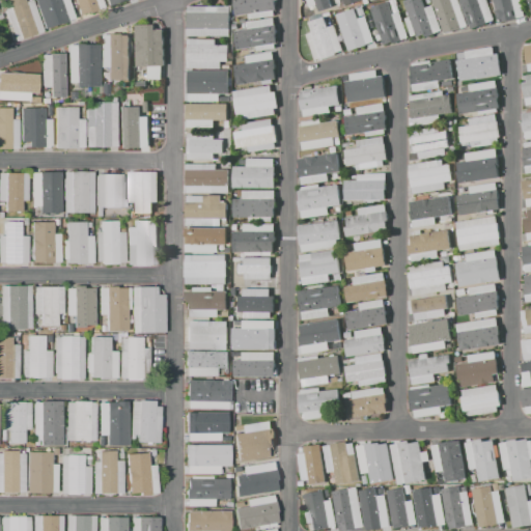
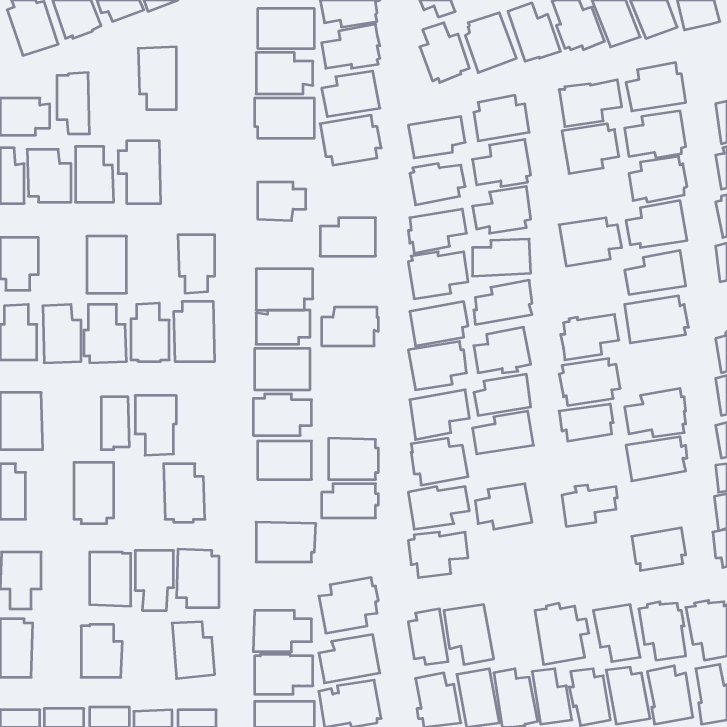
building: [135,25,163,80] -> none
building: [68,47,99,91] -> none
building: [187,104,227,128] -> none
building: [118,107,148,149] -> none
building: [235,118,277,151] -> none
building: [410,127,449,159] -> none
building: [187,163,229,193] -> none
building: [31,171,61,217] -> none
building: [95,174,125,217] -> none
building: [233,191,275,222] -> none
building: [409,196,452,228] -> none
building: [456,249,501,286] -> none
building: [236,257,272,279] -> none
building: [32,286,62,327] -> none
building: [131,288,161,333] -> none
building: [239,288,274,318] -> none
building: [407,318,451,354] -> none
building: [344,327,386,356] -> none
building: [20,336,51,379] -> none
building: [85,337,117,379] -> none
building: [456,351,499,387] -> none
building: [186,352,228,378] -> none
building: [410,384,452,417] -> none
building: [346,388,387,418] -> none
building: [33,401,62,446] -> none
building: [184,412,226,441] -> none
building: [358,442,387,483] -> none
building: [92,451,122,495] -> none
building: [26,452,57,493] -> none

